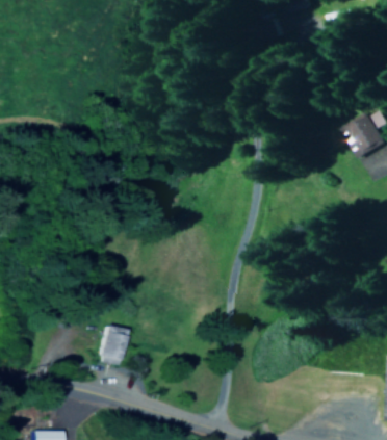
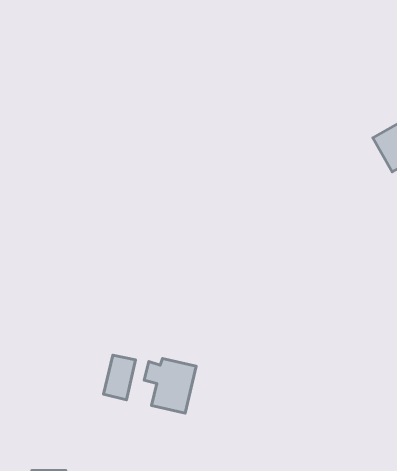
building: none -> [144,359,196,413]

